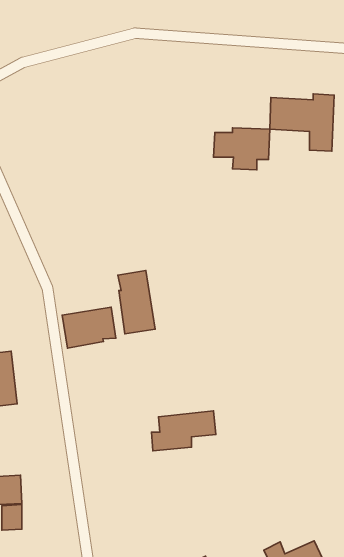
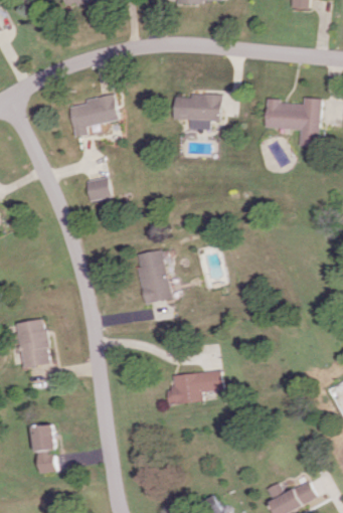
building: none -> [67,94,117,137]
building: [214,128,270,170] -> [174,94,222,130]
building: none -> [83,176,110,202]
building: [62,307,116,348] -> none

